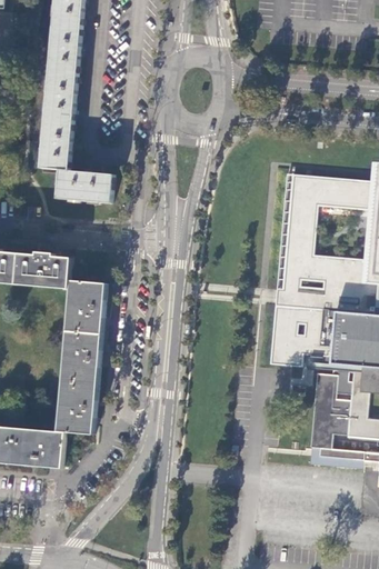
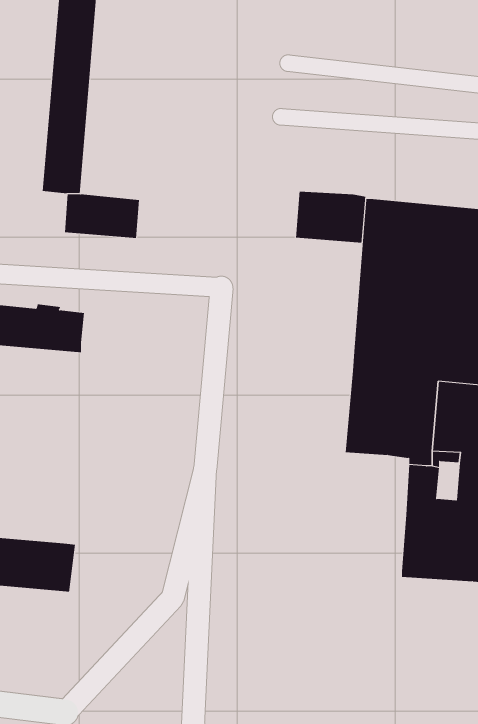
building: none -> [295,191,366,244]
building: [56,280,106,433] -> none

